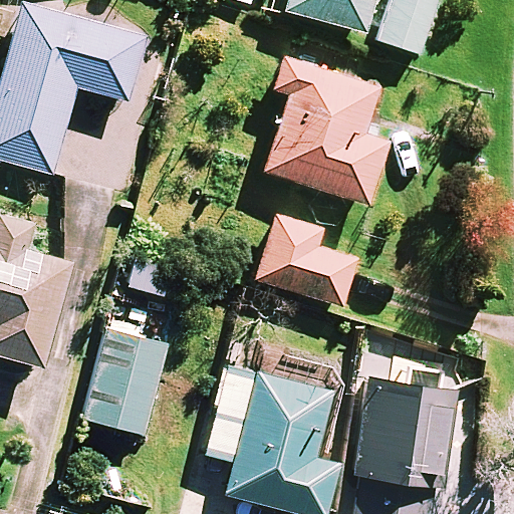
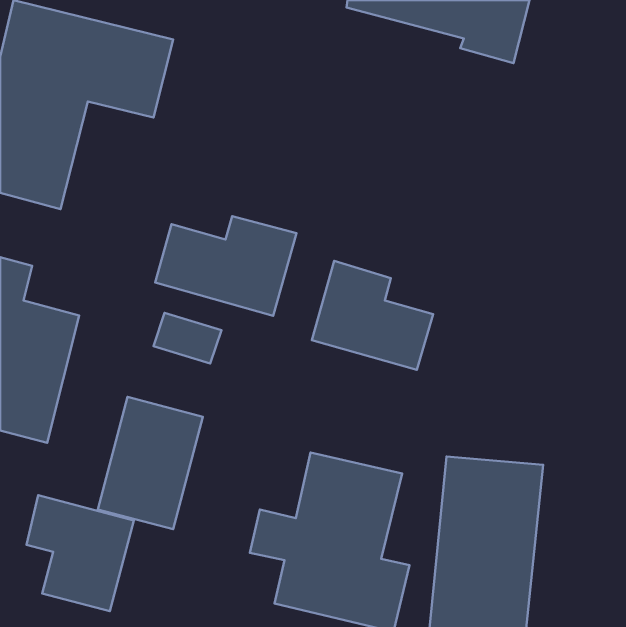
building: [266,54,388,203] -> none
building: none -> [155,216,297,316]
building: none -> [26,495,134,611]

